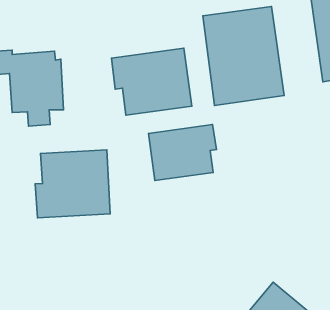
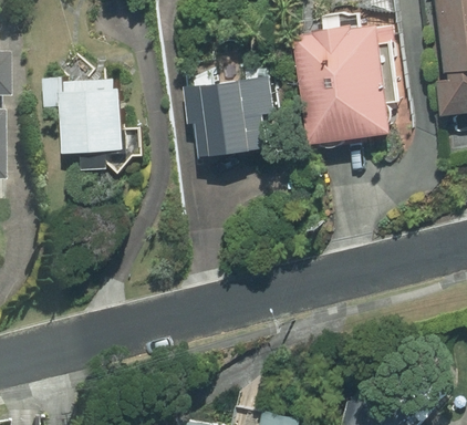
building: [148,125,216,180] -> none
building: [35,150,110,218] -> none

